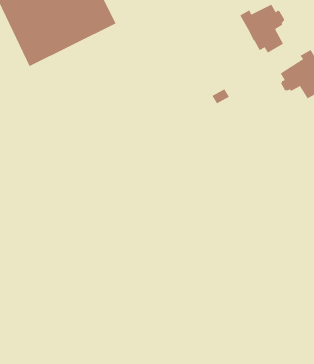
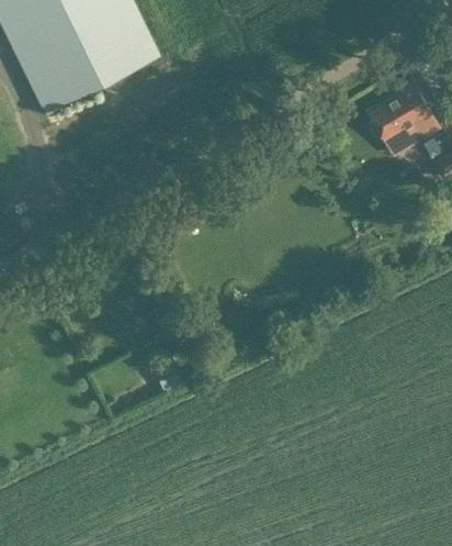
building: [240,4,285,54] -> none

